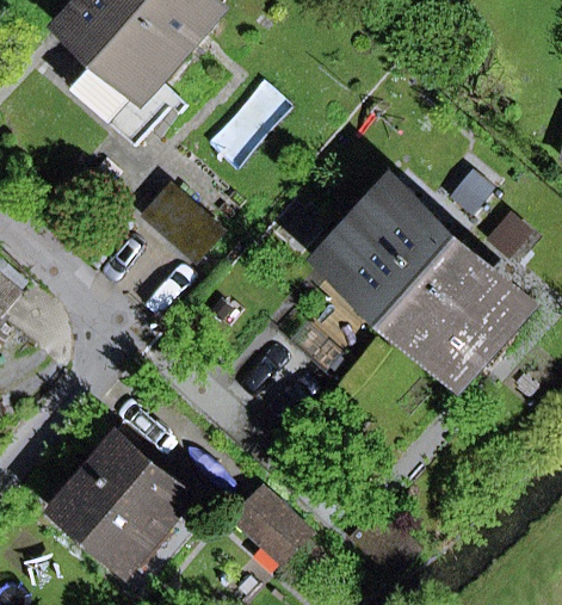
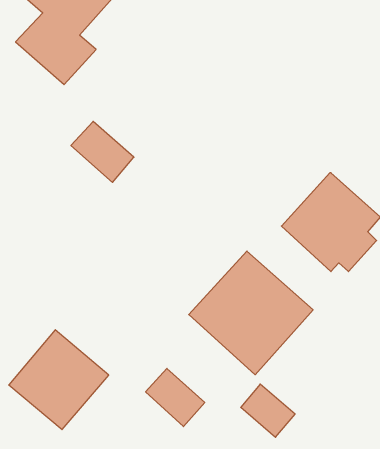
building: [333,191,458,314] -> none
building: none -> [189,251,313,375]

